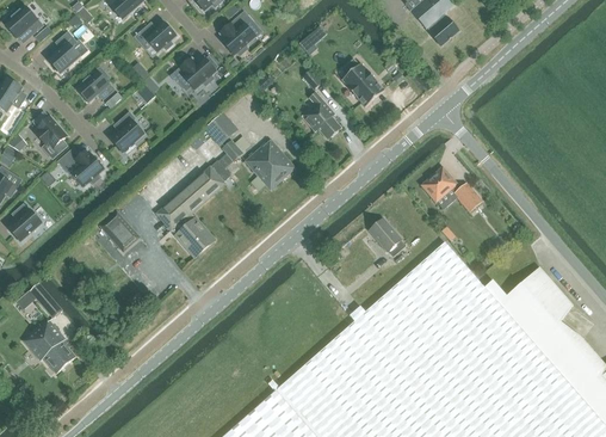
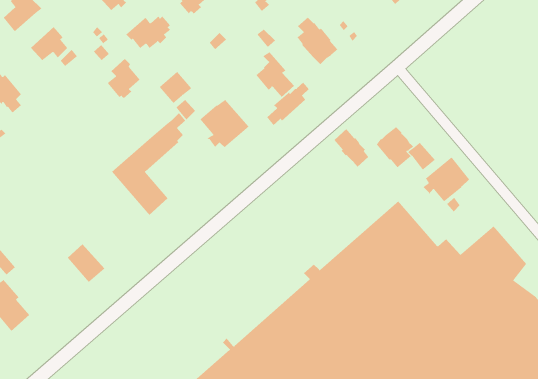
building: [110,113,143,154] -> [107,58,140,99]
building: none -> [266,82,310,126]
building: [57,148,104,187] -> none
building: none -> [422,157,470,202]
building: [100,215,138,254] -> [67,243,105,283]
building: [369,219,404,258] -> [334,128,369,168]

